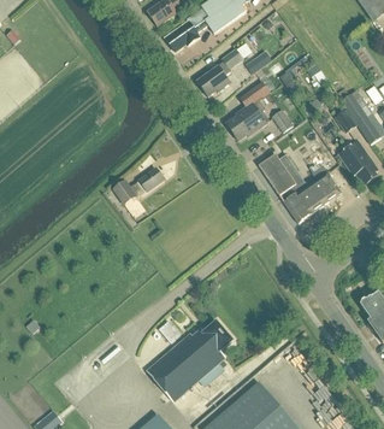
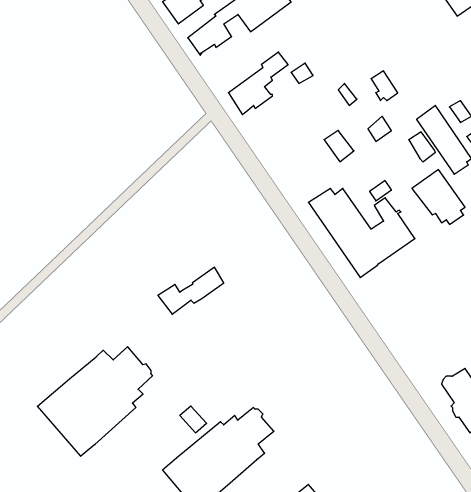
building: [225,81,268,139] -> none
building: [112,166,163,202] -> [158,267,224,314]
building: none -> [37,347,152,456]

